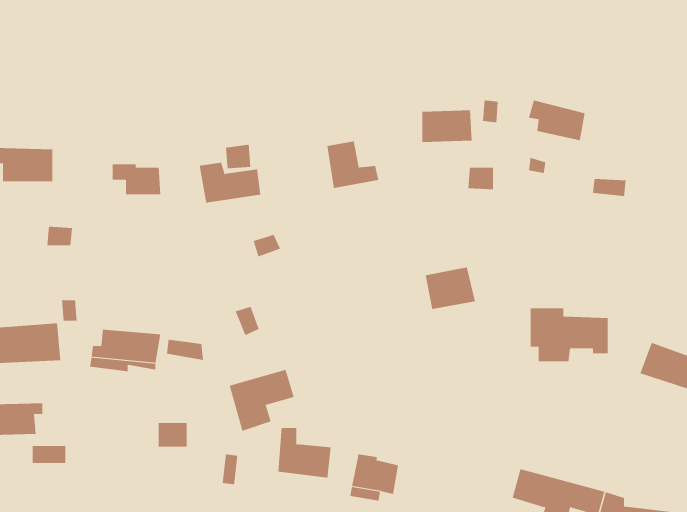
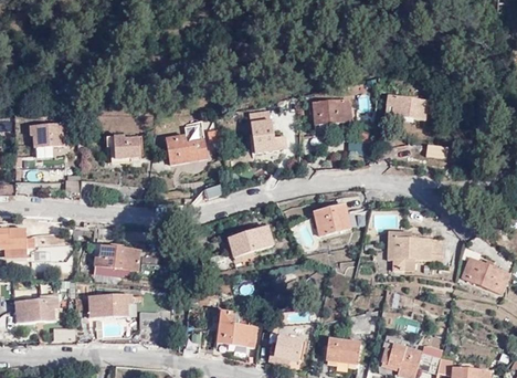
building: [229,369,294,431] -> [229,225,273,267]
building: none -> [87,297,133,318]
building: none -> [326,340,360,364]

